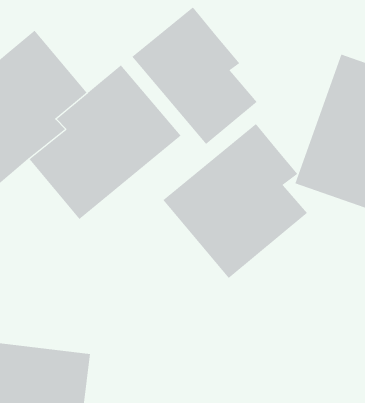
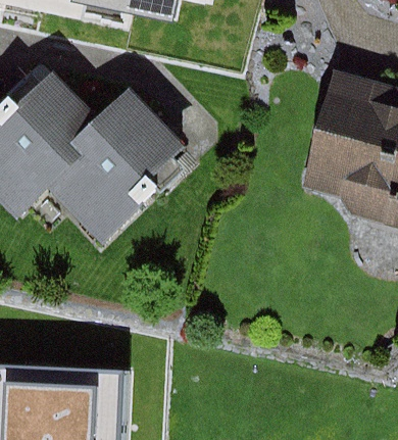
building: [132,7,257,145] -> none
building: [162,123,308,279] -> none

